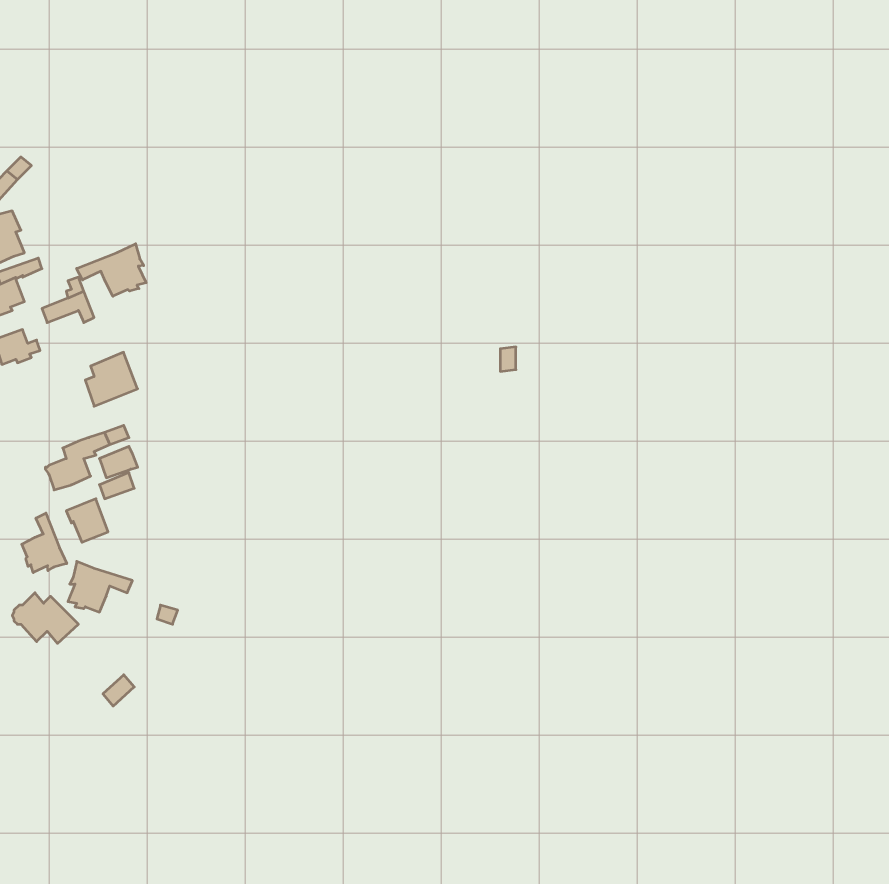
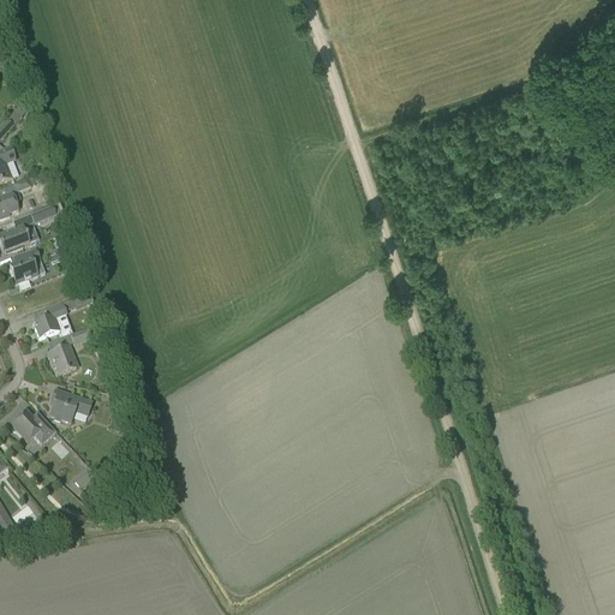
building: [77,244,146,296] -> none
building: [85,352,138,406] -> [7,246,43,283]
building: [22,513,67,573] -> none

